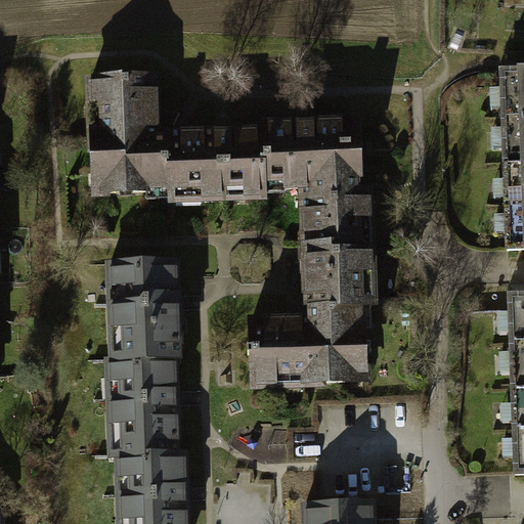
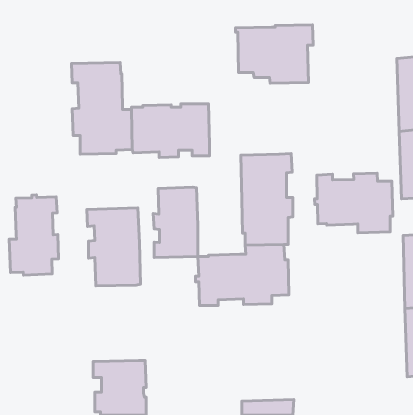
building: [262,122,360,195] -> [235,25,313,83]
building: none -> [315,173,393,233]
building: none -> [153,187,198,258]
building: none -> [9,195,59,275]
building: [112,359,177,455] -> none

